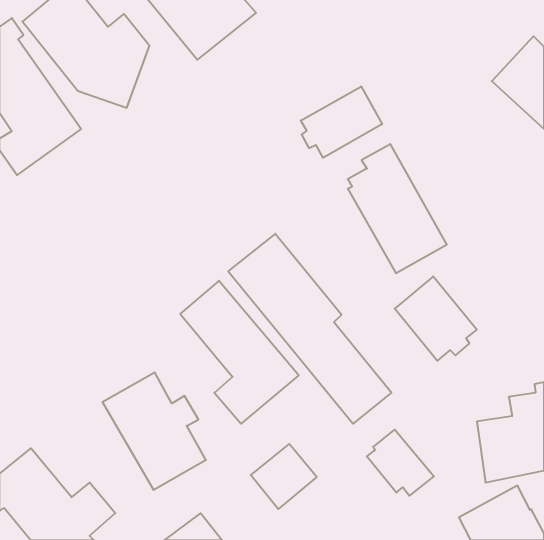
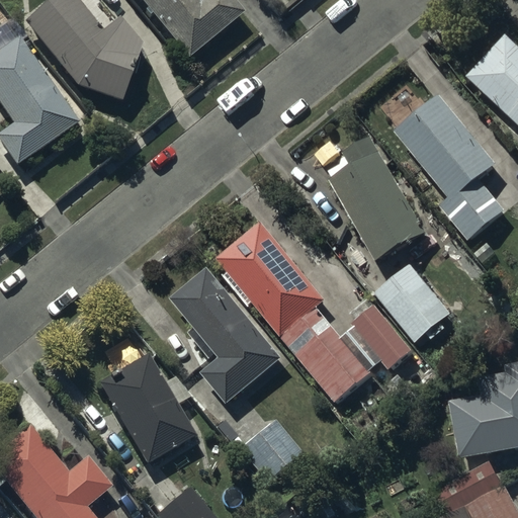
building: [301,86,382,158] -> none
building: none -> [396,94,505,240]
building: [367,430,434,496] -> [348,306,412,368]

